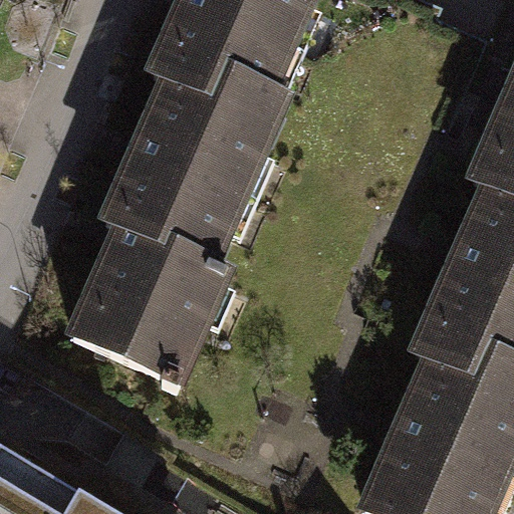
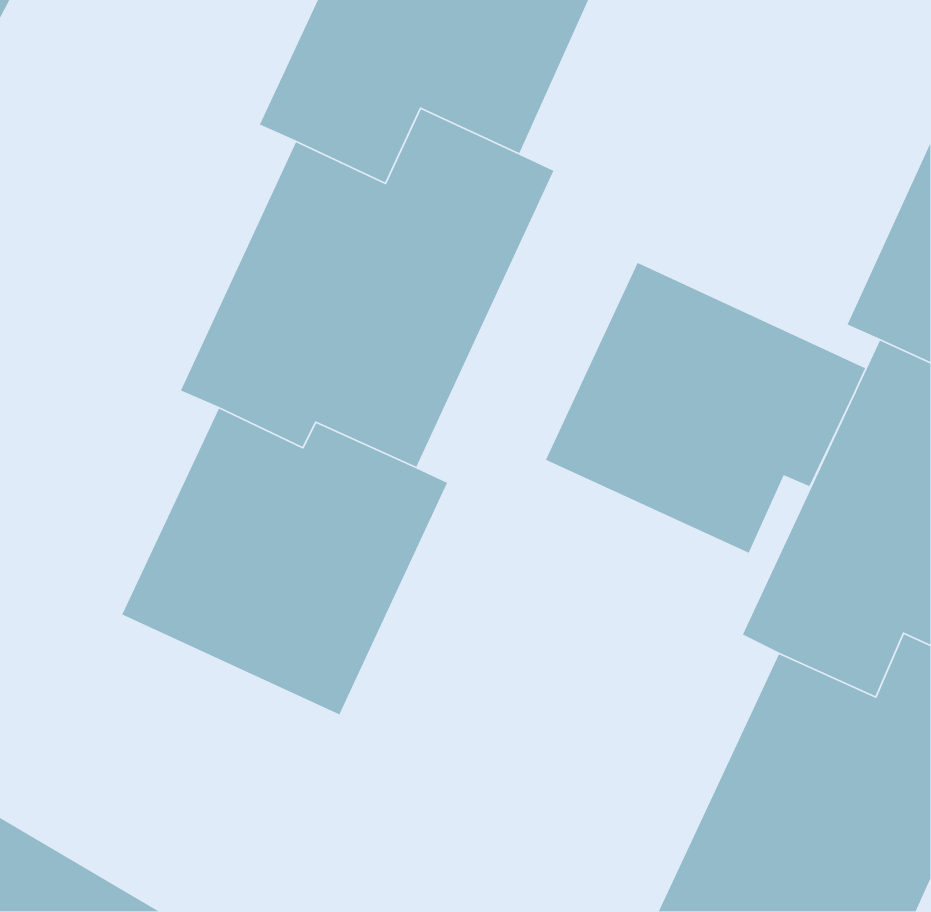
building: none -> [545,262,866,554]

